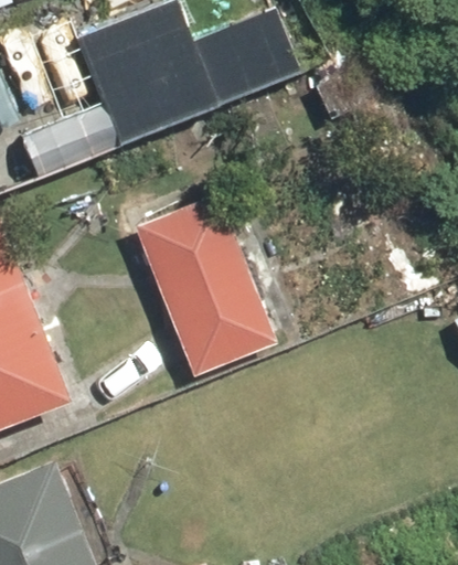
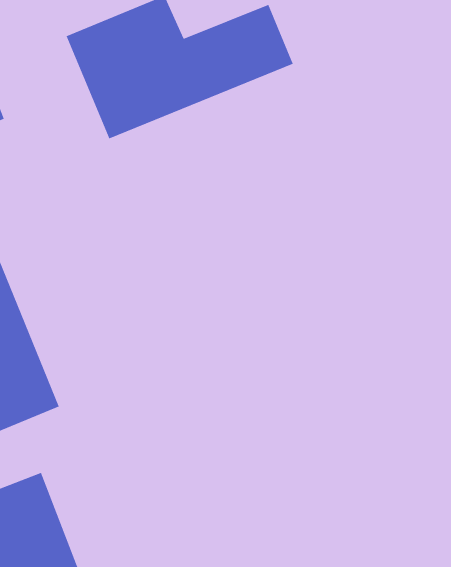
building: [134,194,275,376] -> none

